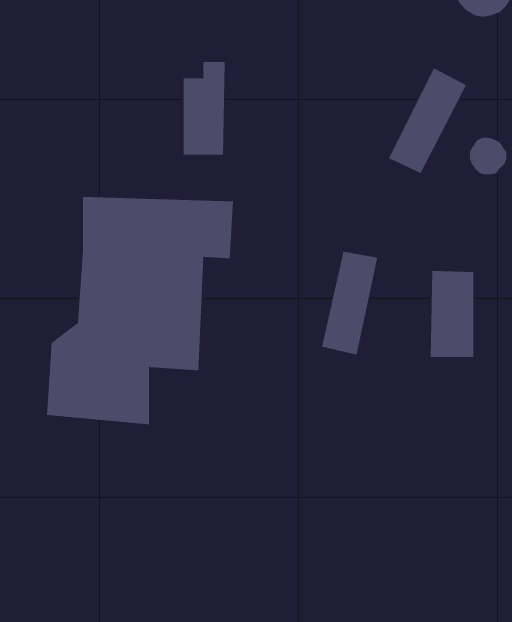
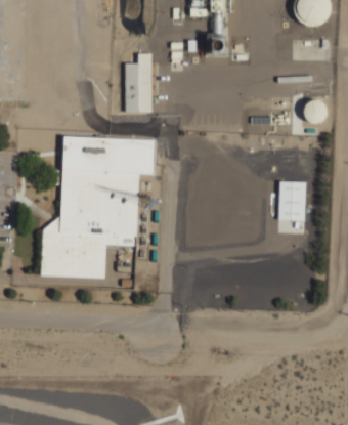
building: [388,67,467,174] -> none
building: [321,251,378,356] -> none

